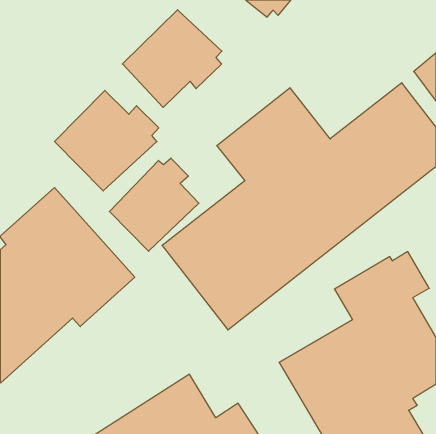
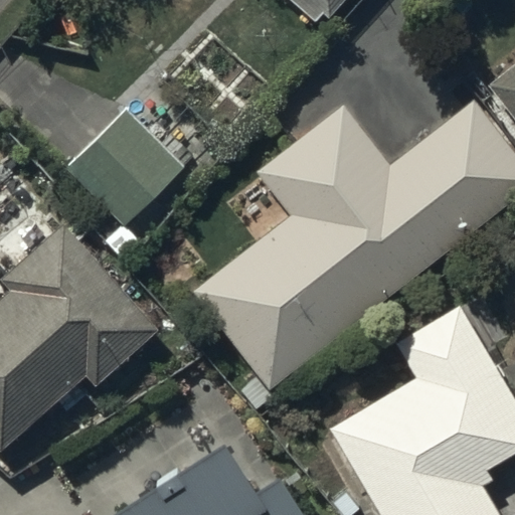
building: [122,10,222,107] -> none
building: [109,158,199,251] -> none

